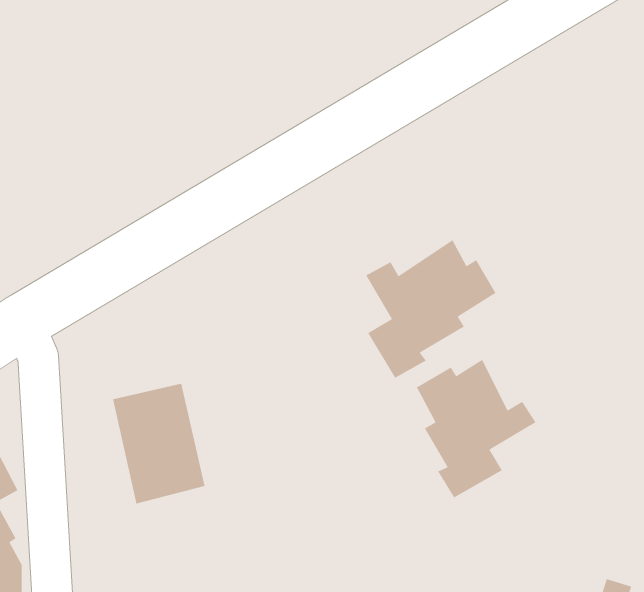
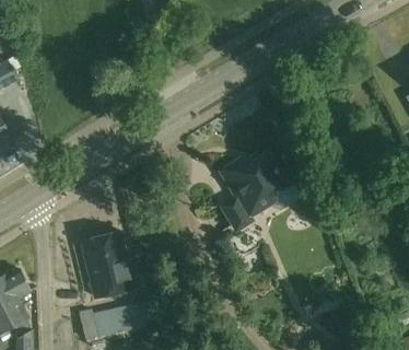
building: [416,359,537,499] -> none
building: none -> [79,301,151,339]

